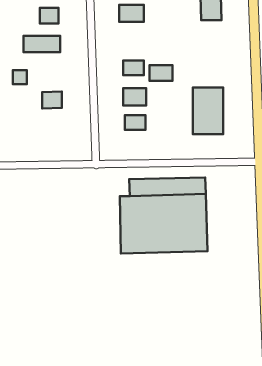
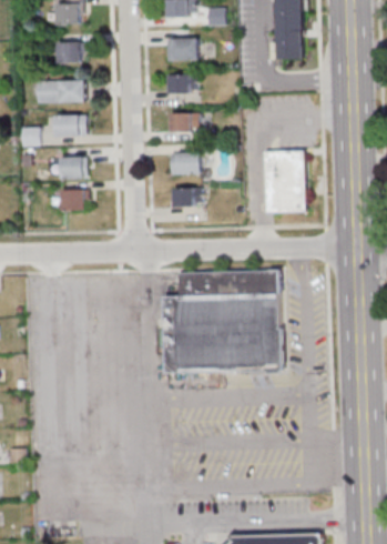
building: none -> [55,115,86,137]
building: [150,65,173,81] -> [167,73,198,94]
building: none -> [61,190,88,211]

